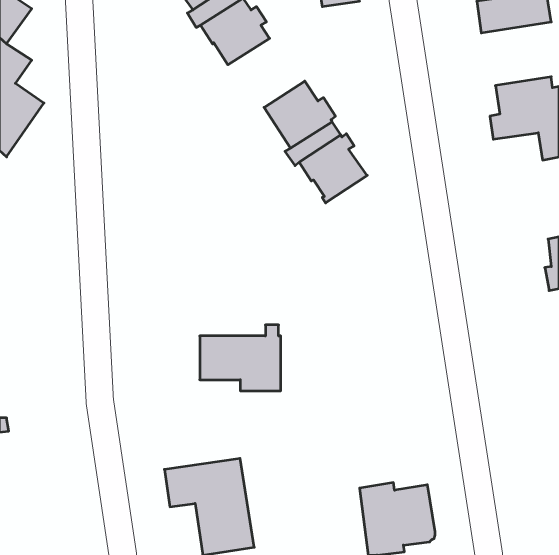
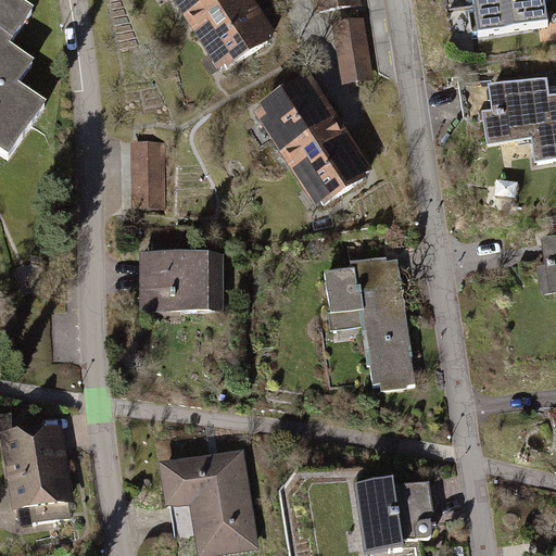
building: none -> [338,20,367,77]
building: none -> [131,138,167,202]
building: none -> [325,255,415,387]
building: [200,325,281,391] -> [140,243,220,308]
building: none -> [7,428,70,520]

